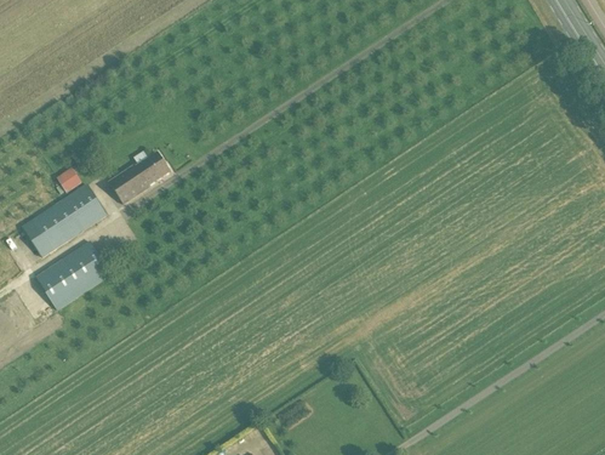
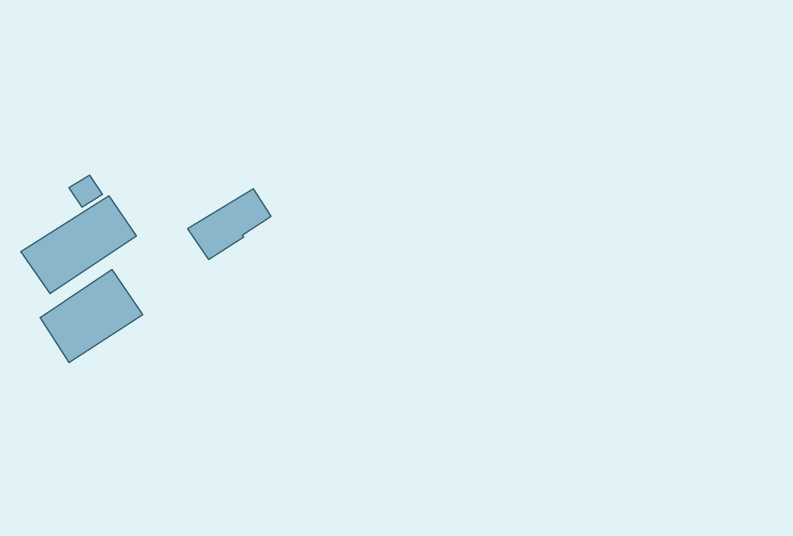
building: [107,150,170,204] -> [188,189,271,259]

